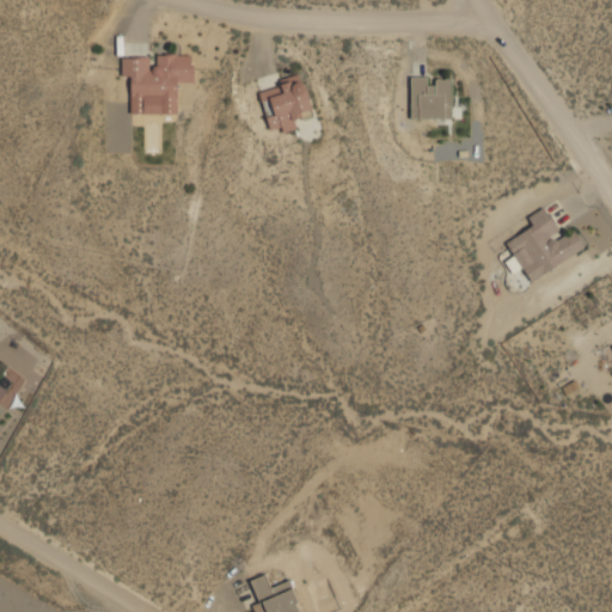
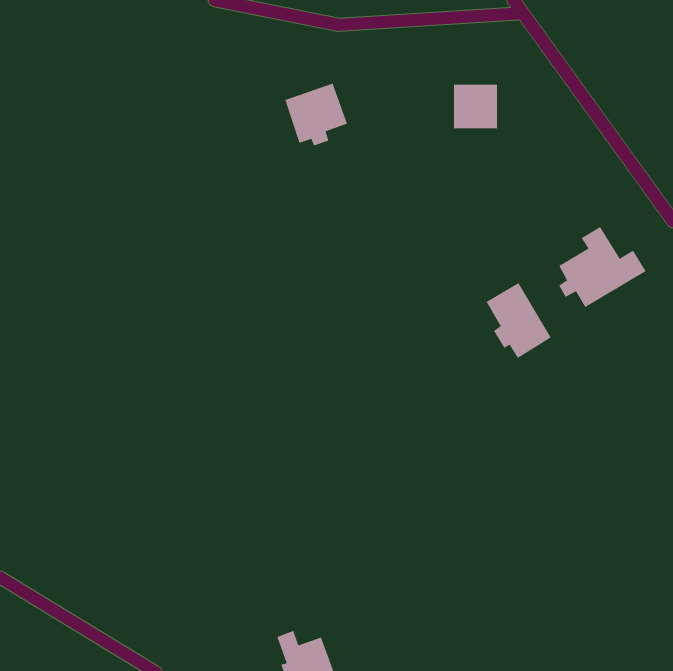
building: [122,55,195,115] -> none
building: none -> [486,282,552,359]

